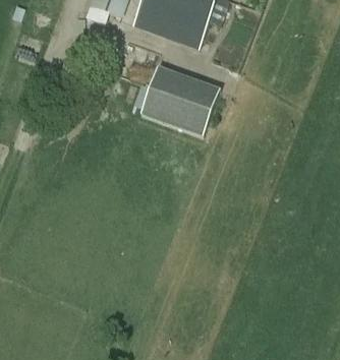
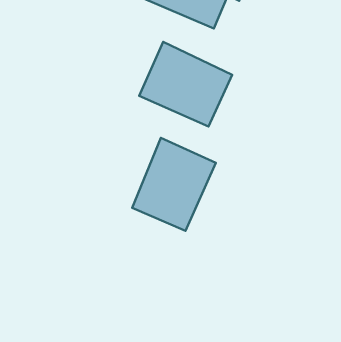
building: none -> [132,138,216,231]

